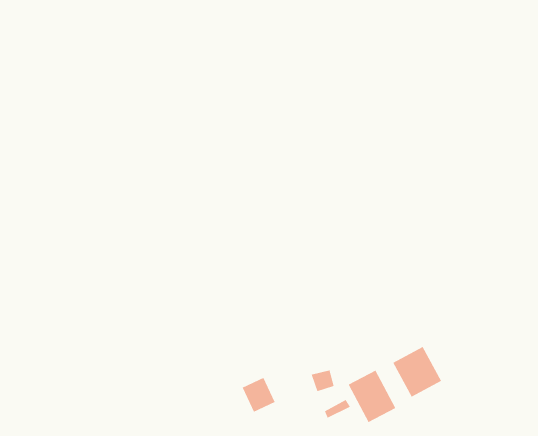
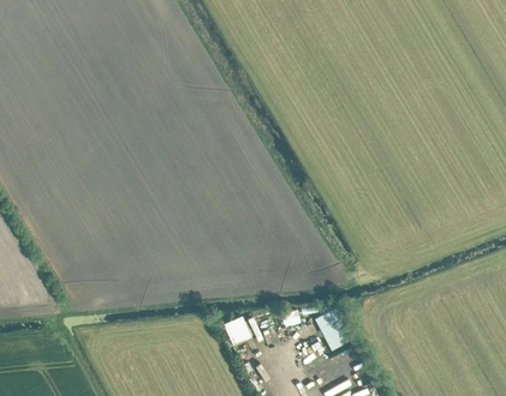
building: [392,346,442,397] -> none

